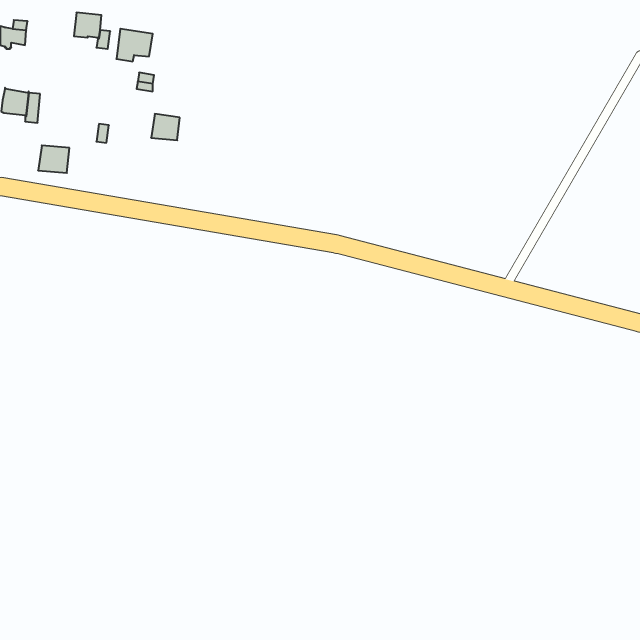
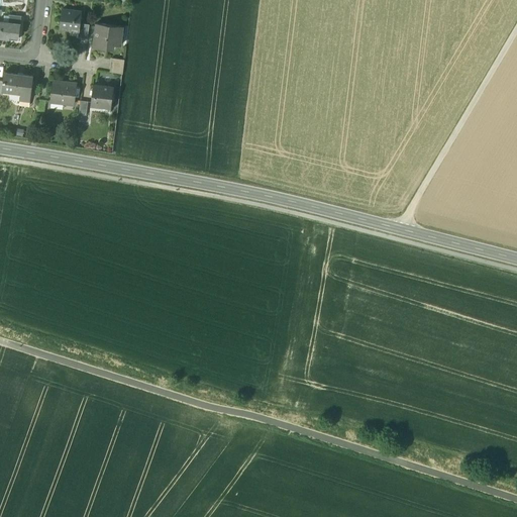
building: [151,114,180,140] -> [90,85,113,106]
building: [38,145,69,173] -> [50,82,76,104]

